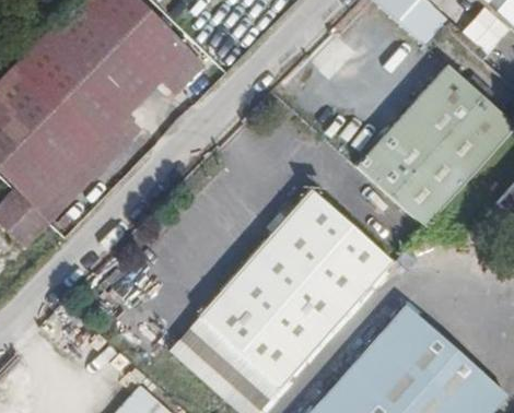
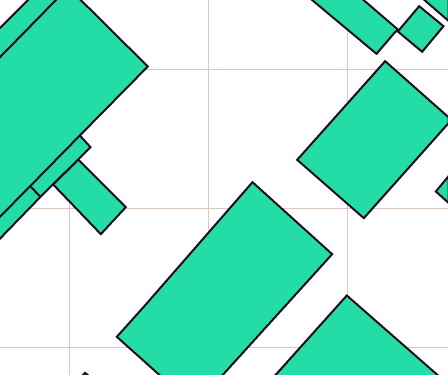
building: none -> [53,159,126,234]

